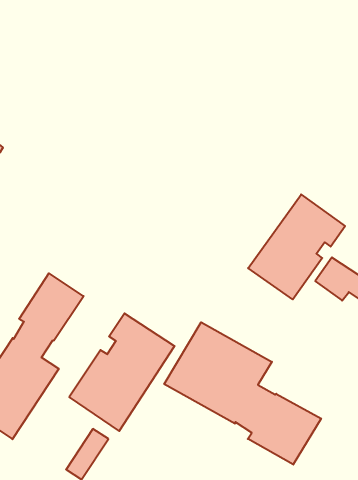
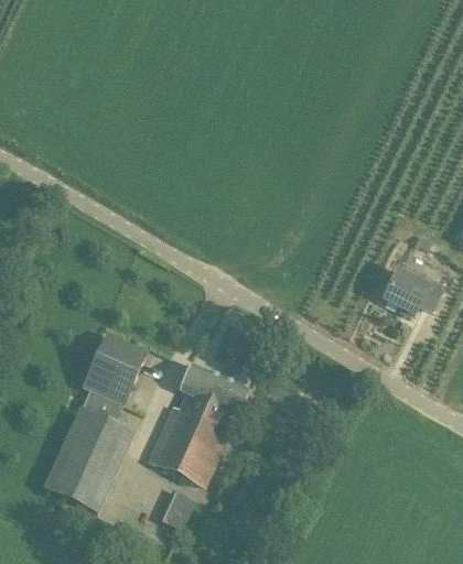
building: [248,194,345,299] -> none
building: [164,322,321,465] -> none

